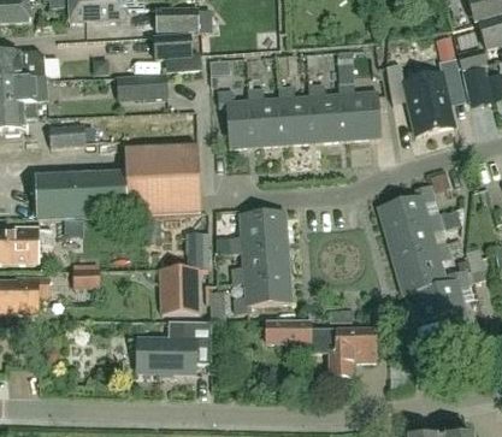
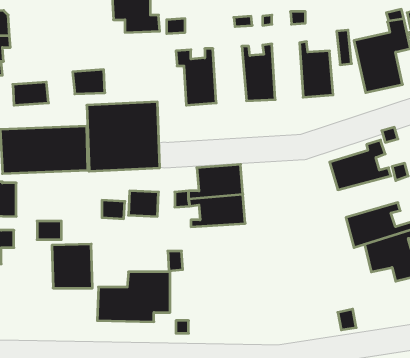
building: [132,73,166,99] -> [73,70,105,94]
building: [318,83,350,142] -> none
building: [256,87,291,146] -> none
building: [386,222,449,265] -> none
building: [158,267,200,313] -> [52,244,92,288]
building: [234,271,293,314] -> none
building: [266,319,376,374] -> none

